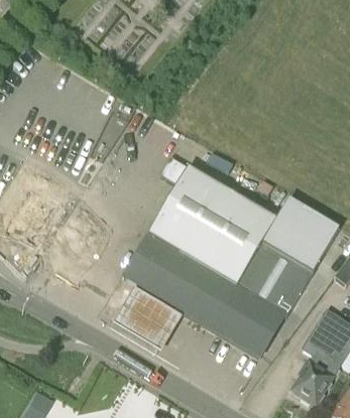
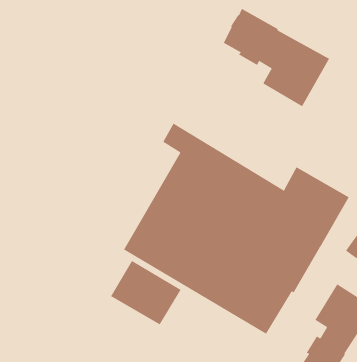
building: none -> [223,8,330,107]

